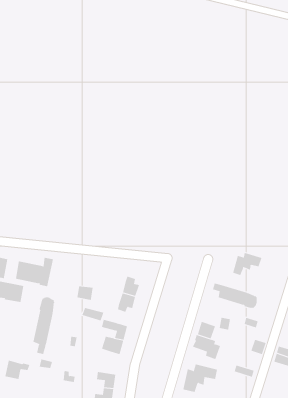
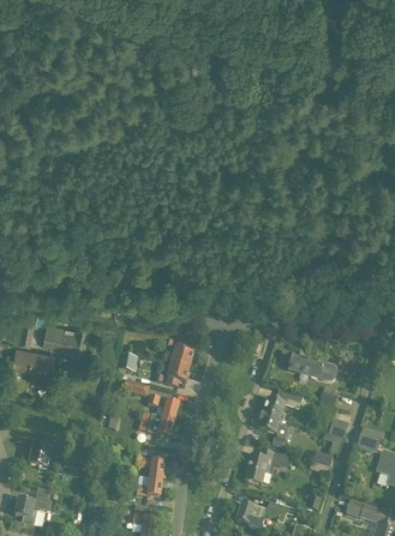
building: [232,252,262,276] -> none
building: [33,296,55,355] -> none

